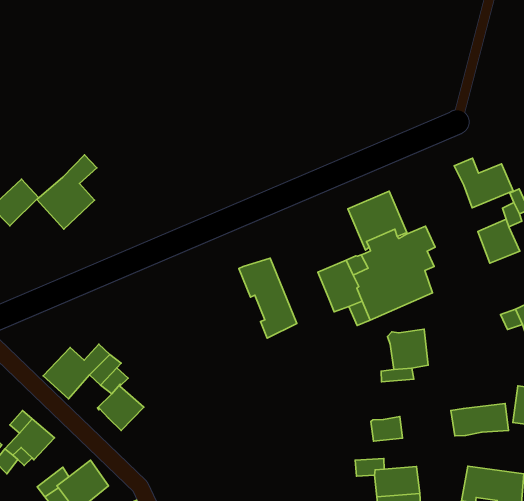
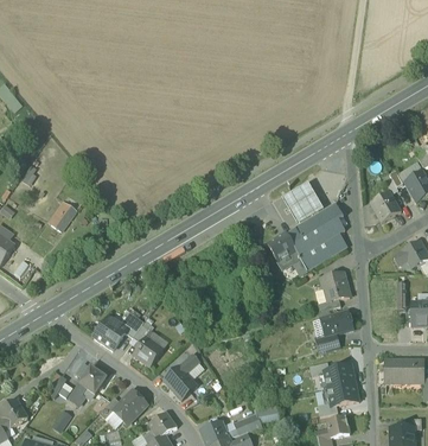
building: [37,155,97,229] -> none
building: [454,158,513,208] -> none
building: [239,258,297,338] -> none
building: [451,403,509,436] -> [313,310,353,336]
building: none -> [164,352,199,399]

